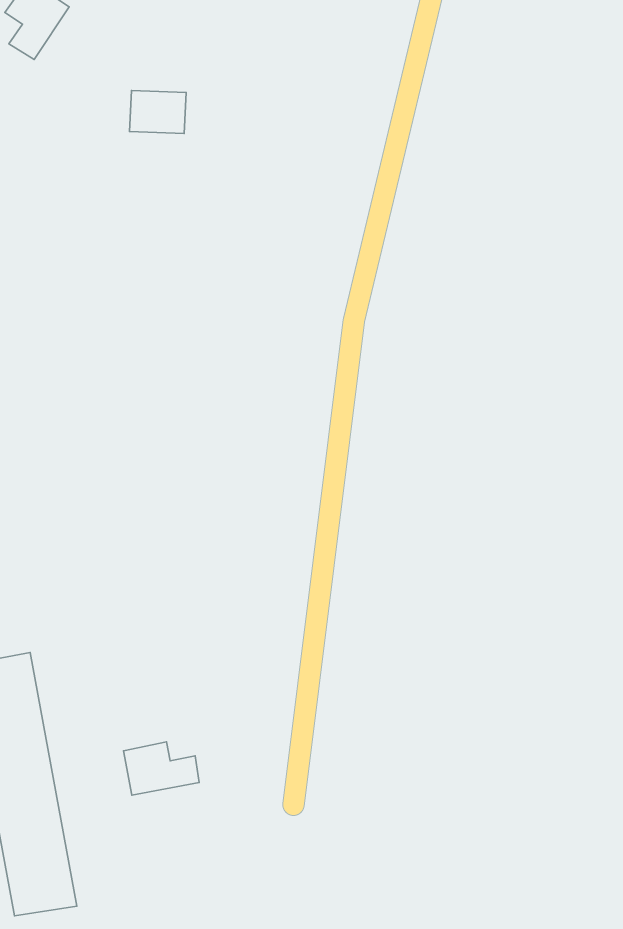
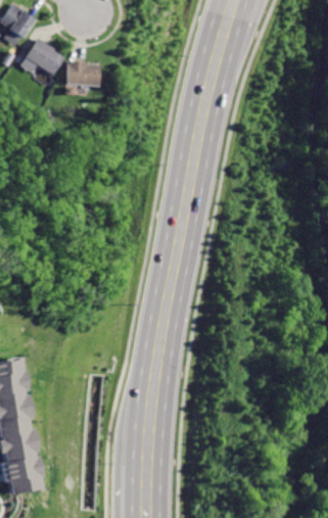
building: none -> [22,40,67,77]
building: [124,742,199,795] -> none

